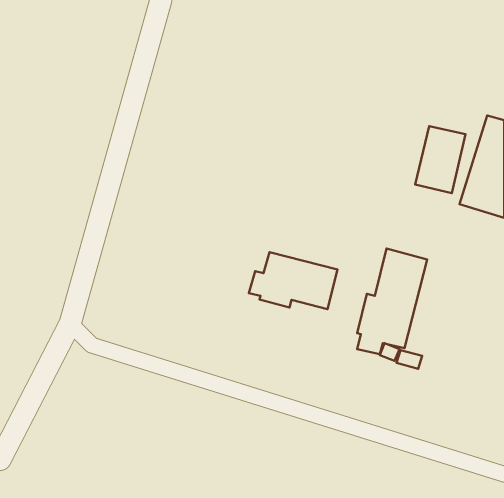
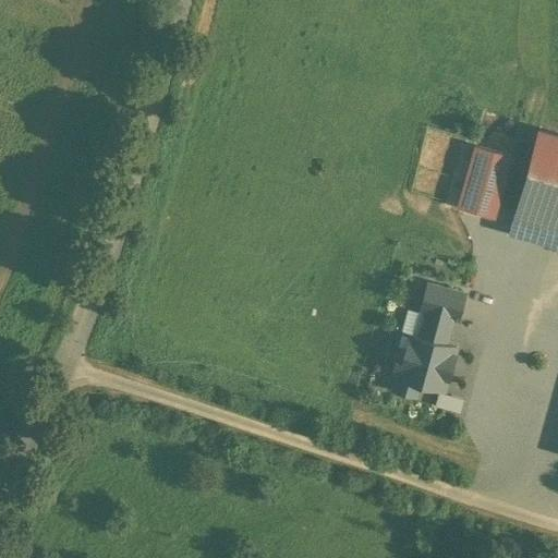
building: [249,252,337,309] -> none

